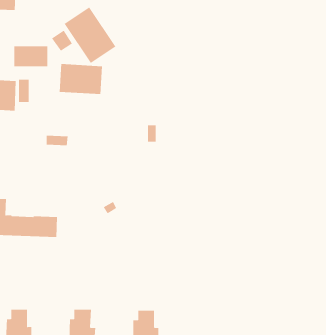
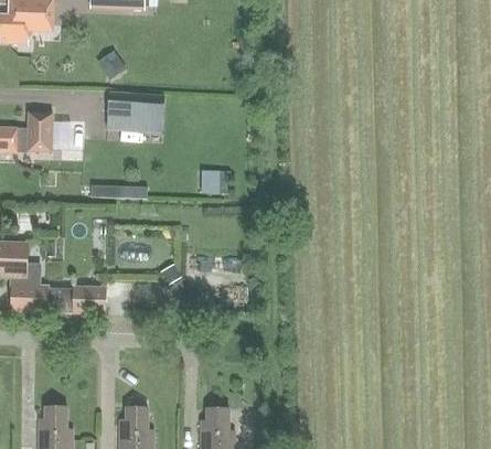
building: [64,6,116,64] -> none
building: [14,45,48,67] -> none

